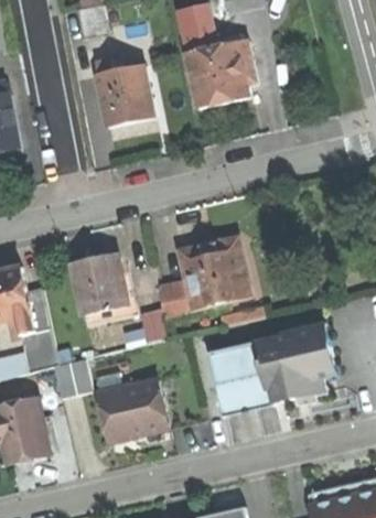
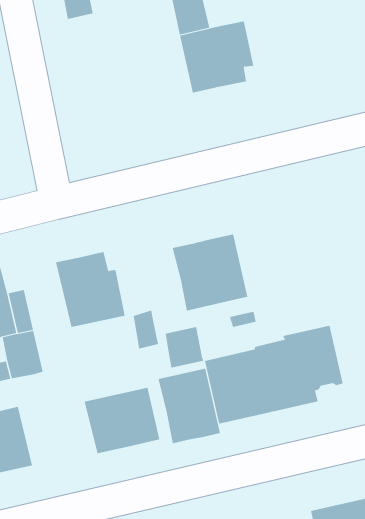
building: [94,60,152,127] -> none
building: [155,280,192,319] -> [165,326,204,368]
building: [52,359,90,398] -> none
building: none -> [158,368,221,444]

